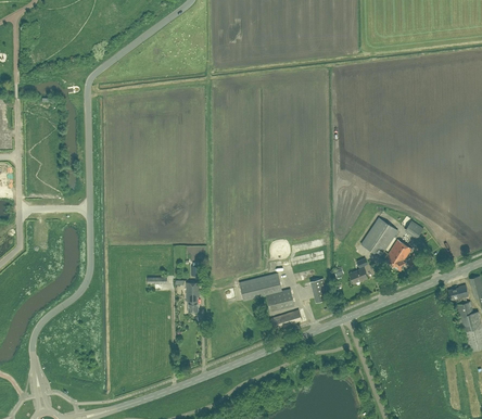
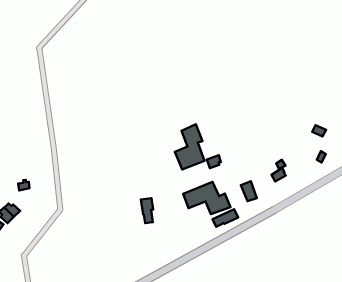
building: none -> [175,124,205,169]
building: [360,217,411,270] -> none

